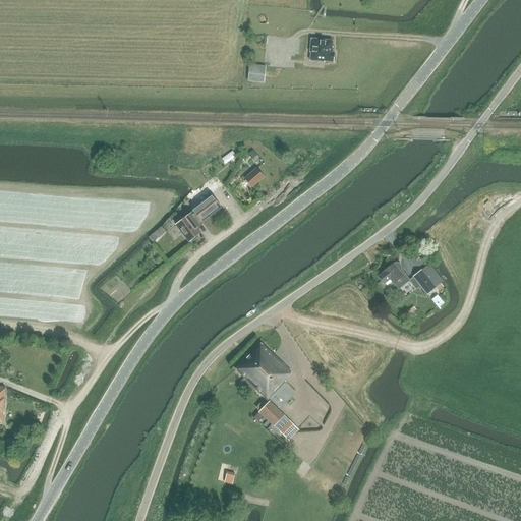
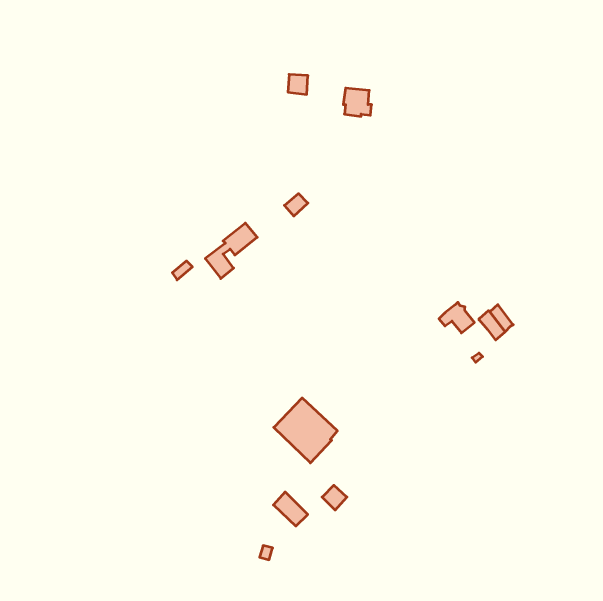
building: [309,37,334,61] -> [343,88,372,116]
building: [258,399,288,428] -> [273,492,308,526]

